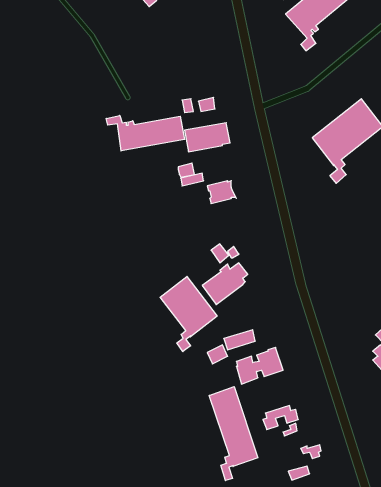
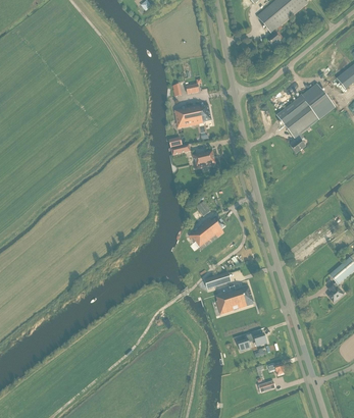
building: [106,115,185,151] -> none
building: [160,276,217,352] -> none
building: [209,387,258,481] -> none

